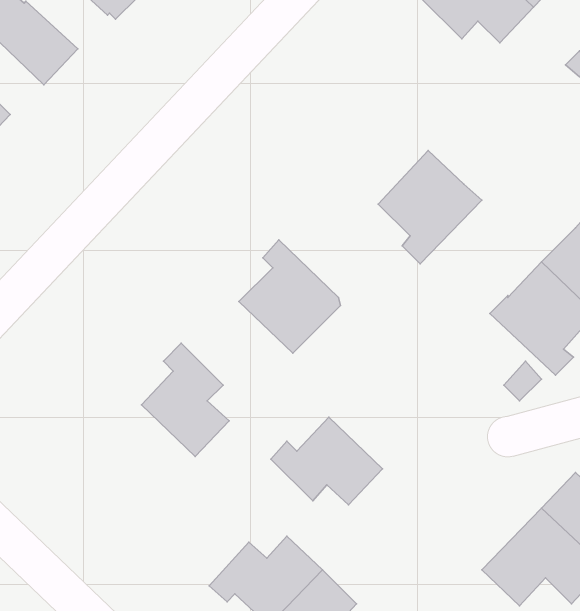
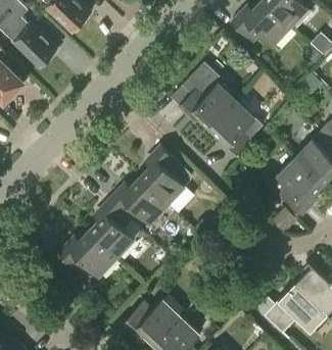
building: none -> [179,63,236,128]
building: none -> [58,231,116,276]
building: [271,417,382,505] -> [109,178,167,222]

